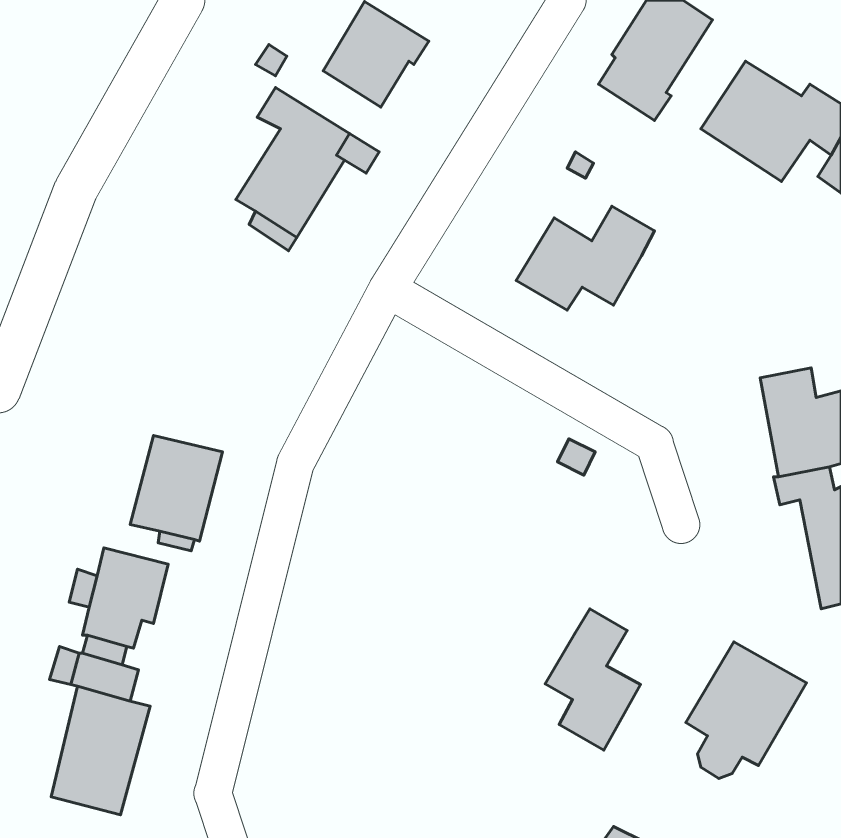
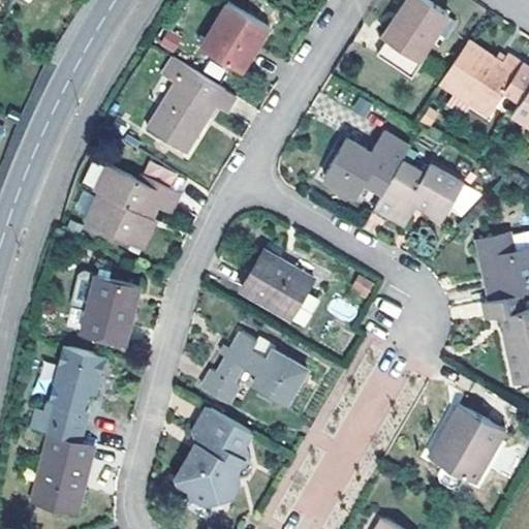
building: none -> [375,163,462,226]
building: none -> [85,164,182,249]
building: none -> [241,251,318,325]
building: none -> [203,332,307,403]
building: [545,609,641,750] -> none
building: none -> [176,407,252,503]

